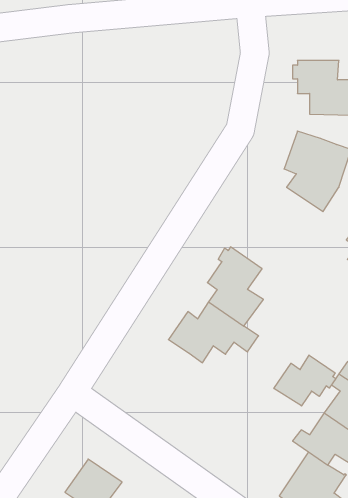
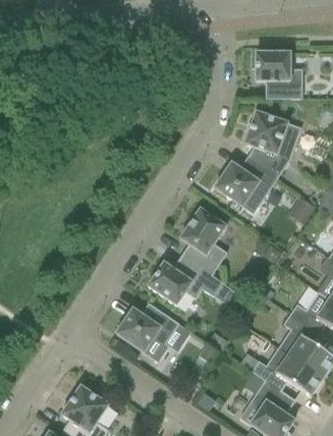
building: none -> [215,158,277,212]
building: [274,355,336,406] -> none
building: none -> [116,303,178,361]

